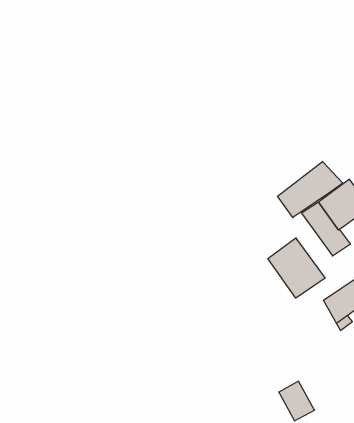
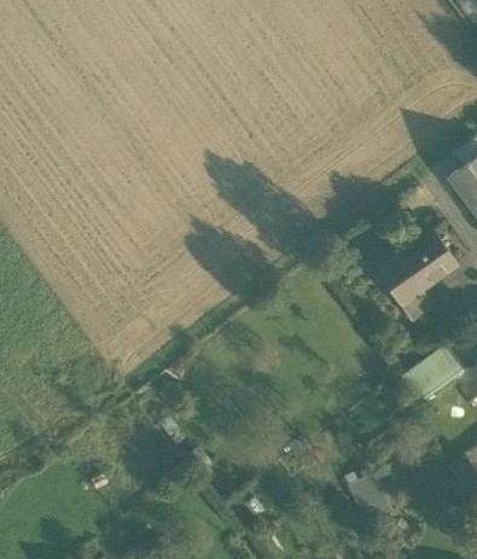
building: [278,161,343,218] -> none
building: [268,238,325,298] -> none

